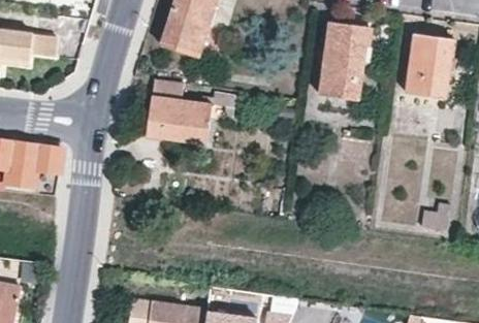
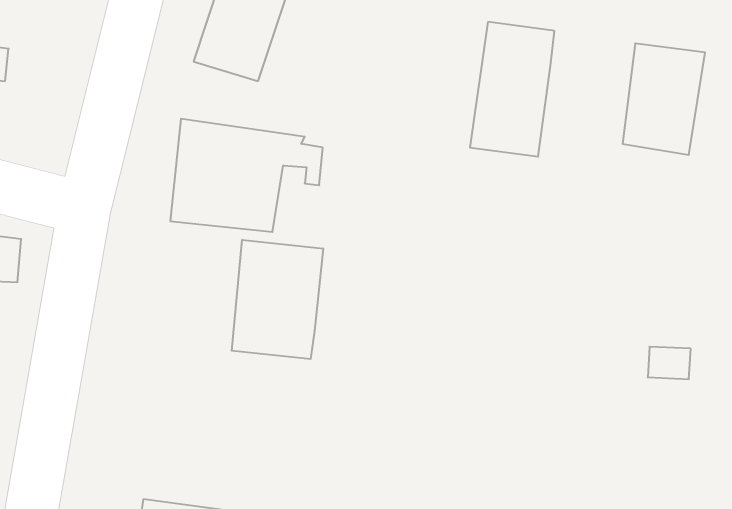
building: none -> [232,240,323,359]

